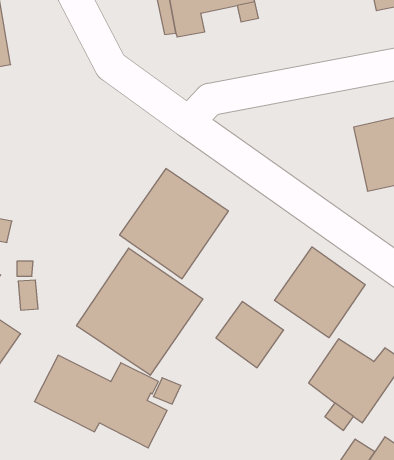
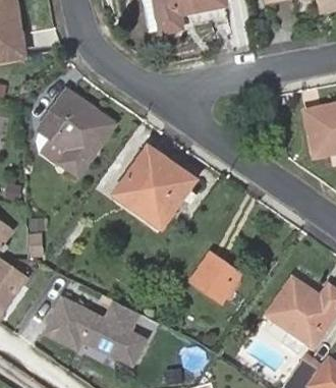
building: none -> [36,86,121,180]
building: [275,247,365,338] -> none
building: [77,248,203,375] -> none

